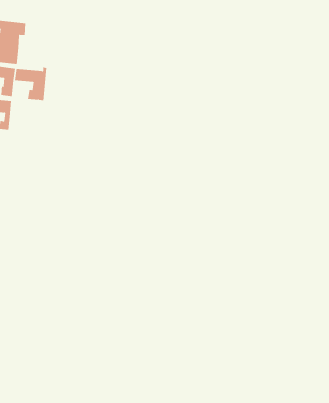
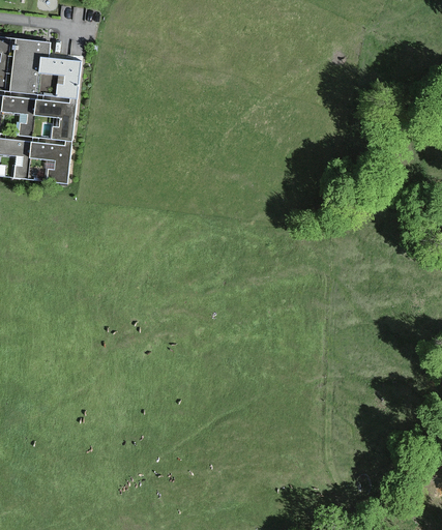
building: none -> [38,57,79,98]
building: none -> [28,140,70,182]

